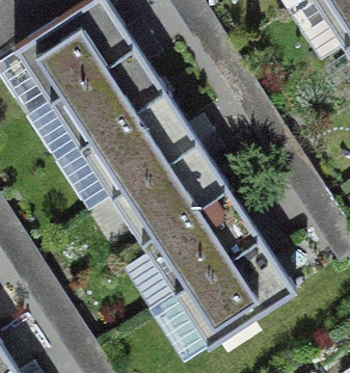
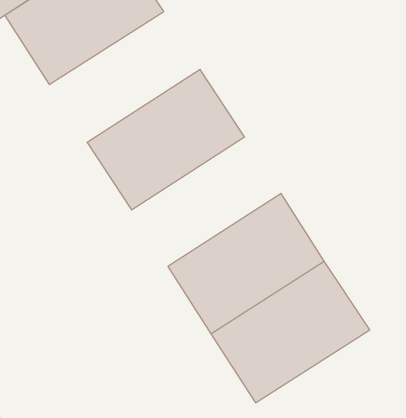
building: [48,48,164,149] -> none
building: [111,144,226,244] -> none

